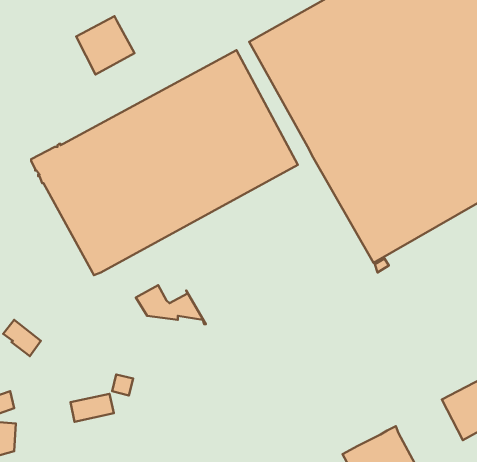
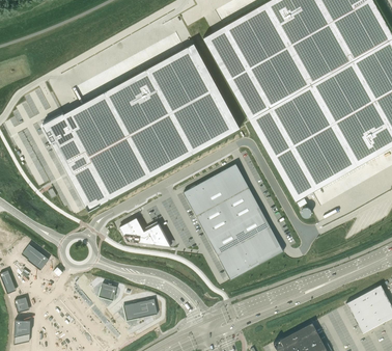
building: [76,16,135,74] -> none
building: none -> [184,164,283,279]
building: [70,394,114,422] -> [124,300,157,321]

